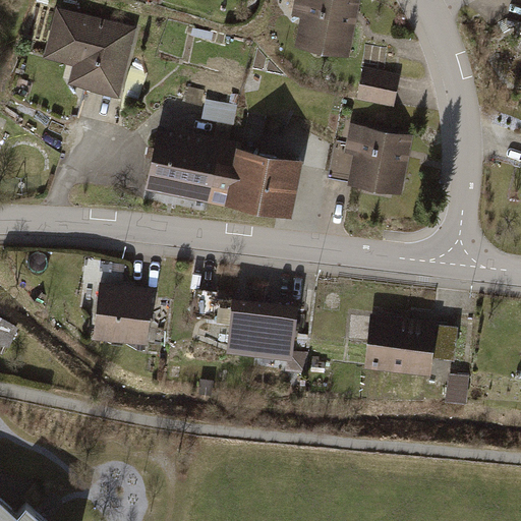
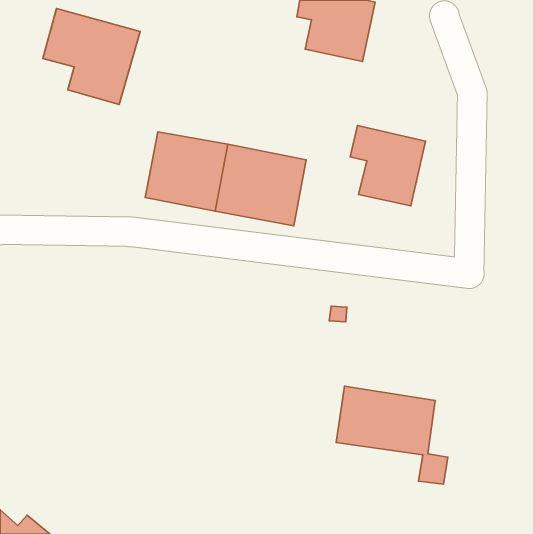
building: [354,70,398,109] -> none
building: [90,285,155,348] -> none
building: [219,299,309,374] -> none
building: [361,310,470,406] -> [336,386,448,484]

